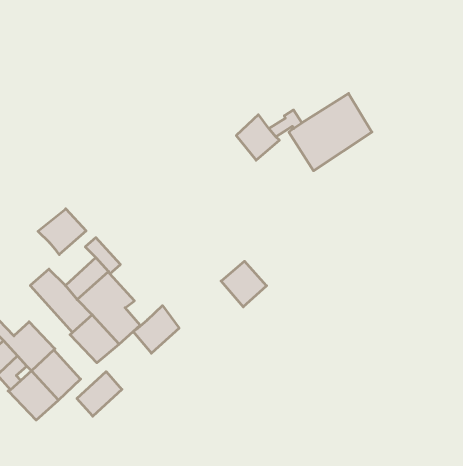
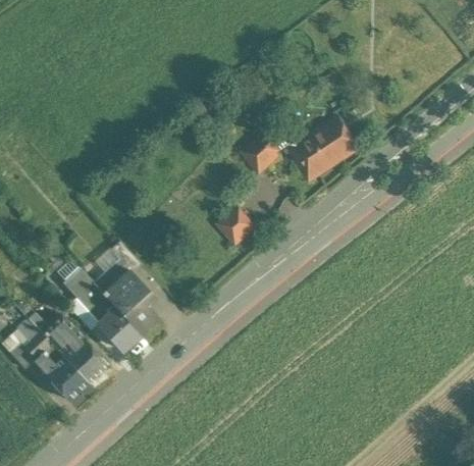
building: [38,209,86,255] -> none
building: [221,261,267,307] -> [216,206,256,246]
building: [133,306,179,353] -> none
building: [77,372,122,416] -> none

